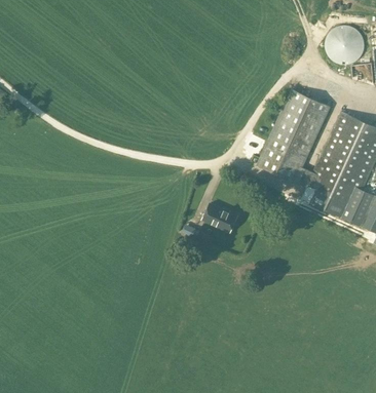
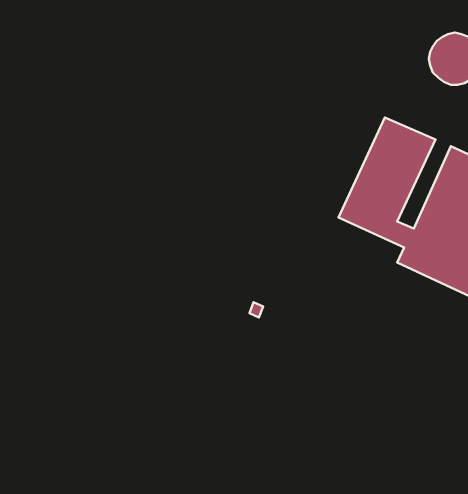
building: [202,204,236,232] -> none

